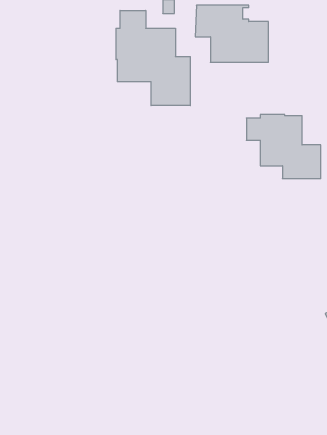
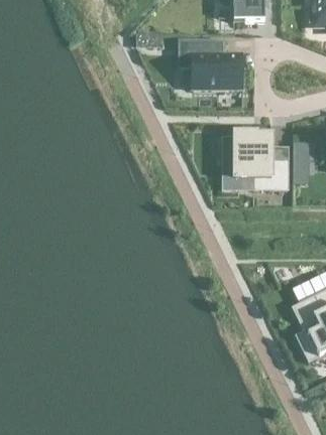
building: [116,10,190,106] -> none

